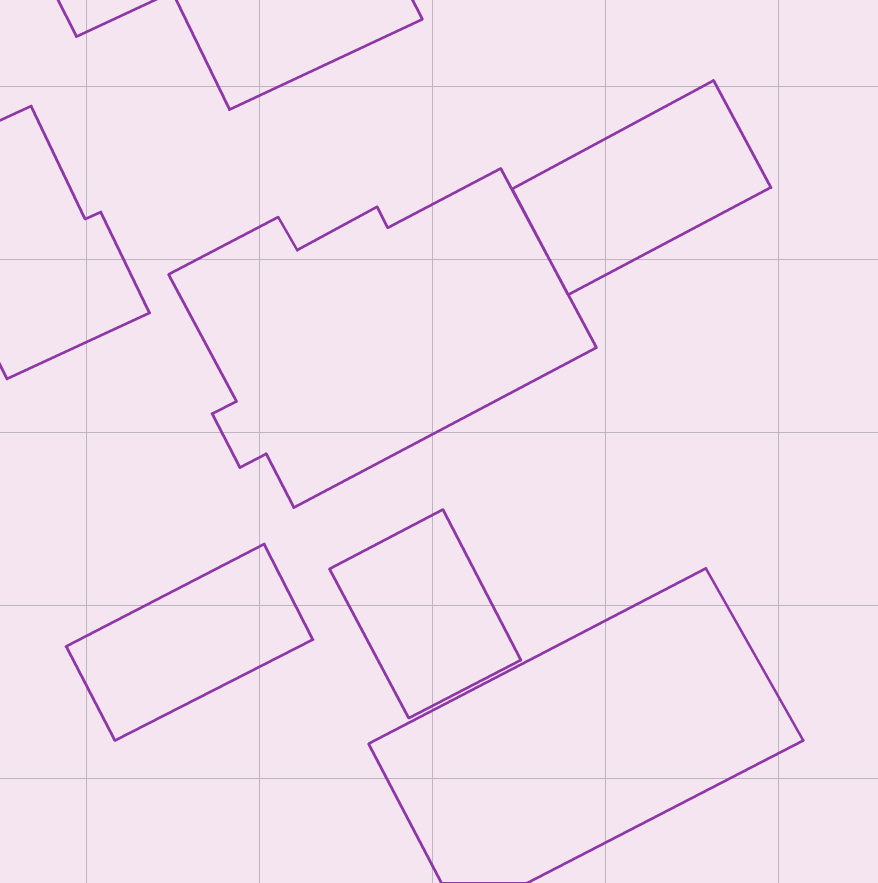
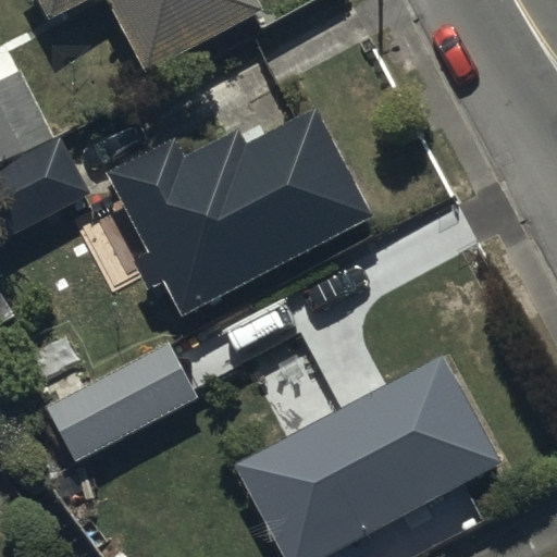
building: [512,80,771,295] -> none
building: [330,510,521,718] -> none

